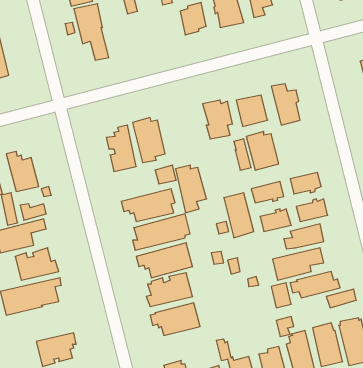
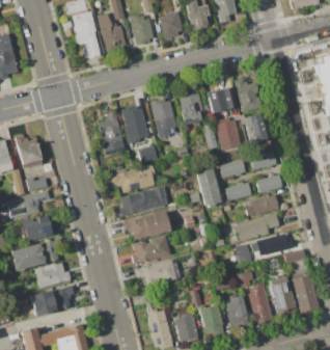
building: none -> [98,14,125,52]
building: none -> [129,15,154,46]
building: none -> [241,112,271,142]
building: [175,165,207,213] -> [150,99,176,138]
building: none -> [35,263,71,288]

